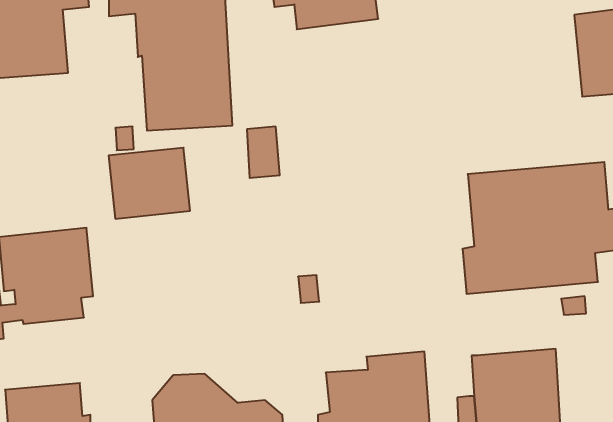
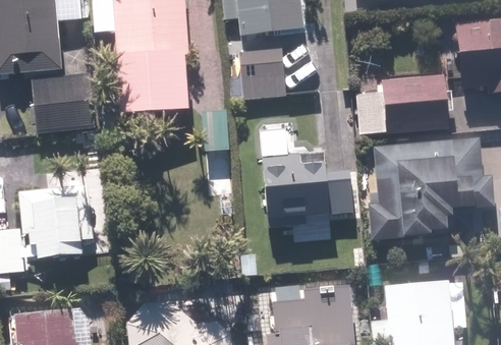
building: none -> [228,49,284,99]
building: none -> [357,76,447,133]
building: [109,148,190,219] -> [33,74,96,129]
building: none -> [263,153,354,227]

